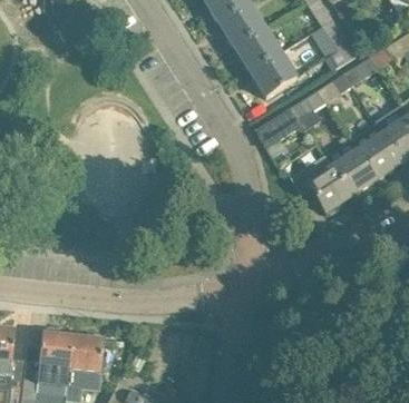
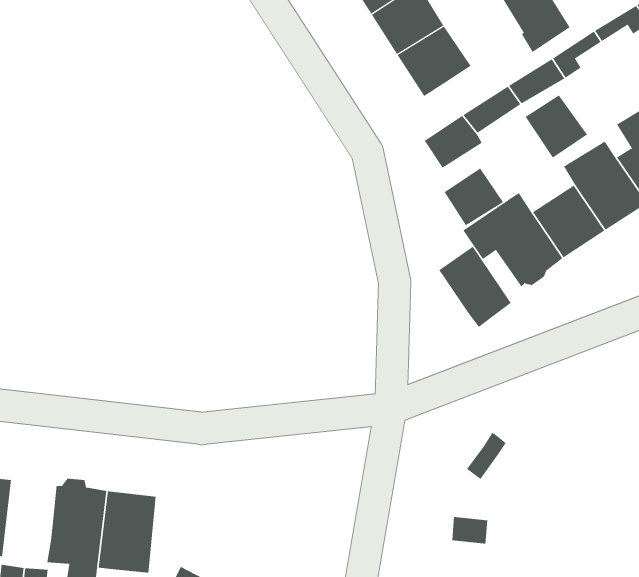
building: none -> [525,94,588,158]
building: none -> [444,168,504,226]
building: none -> [439,246,512,328]

